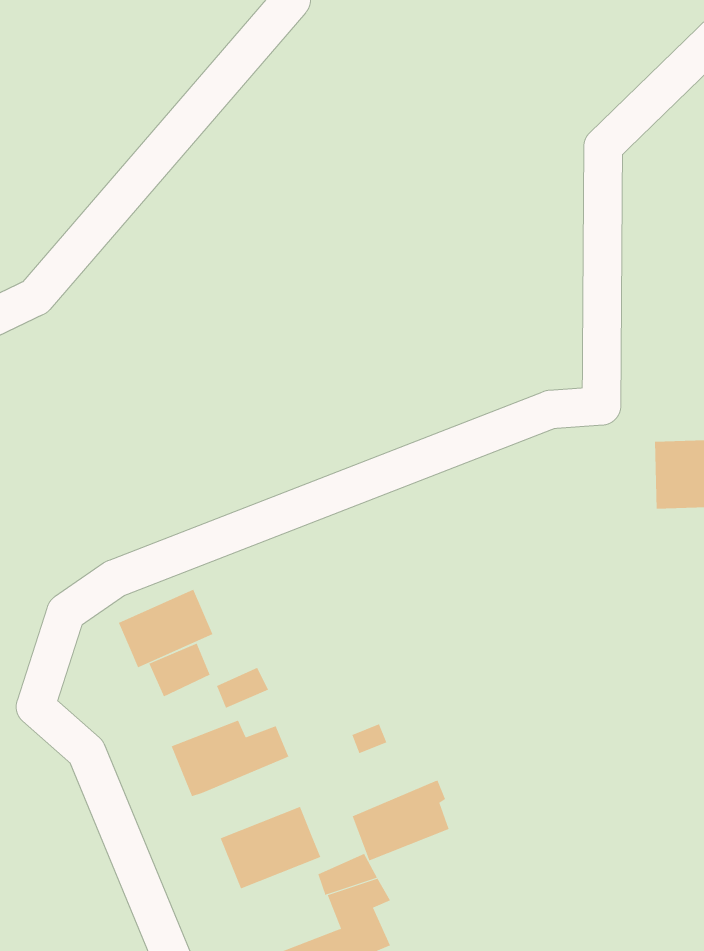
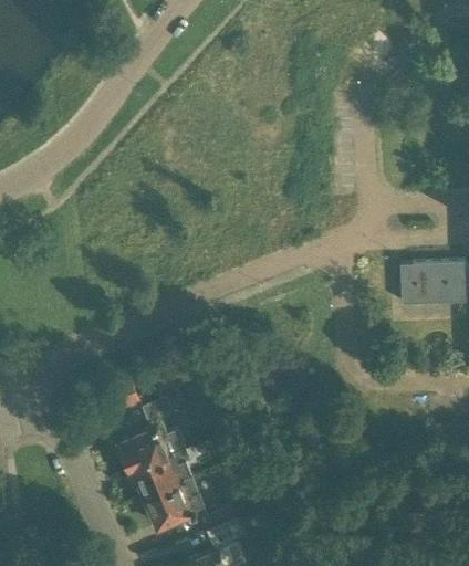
building: [118,589,213,668] -> none
building: [352,780,450,861] -> [137,451,195,499]

